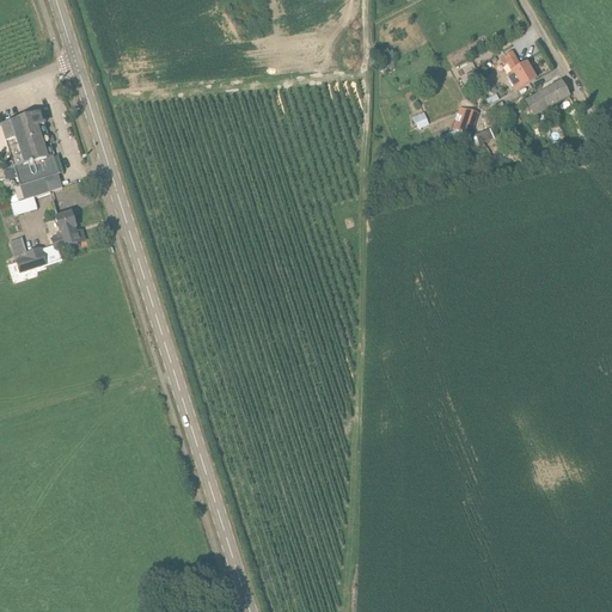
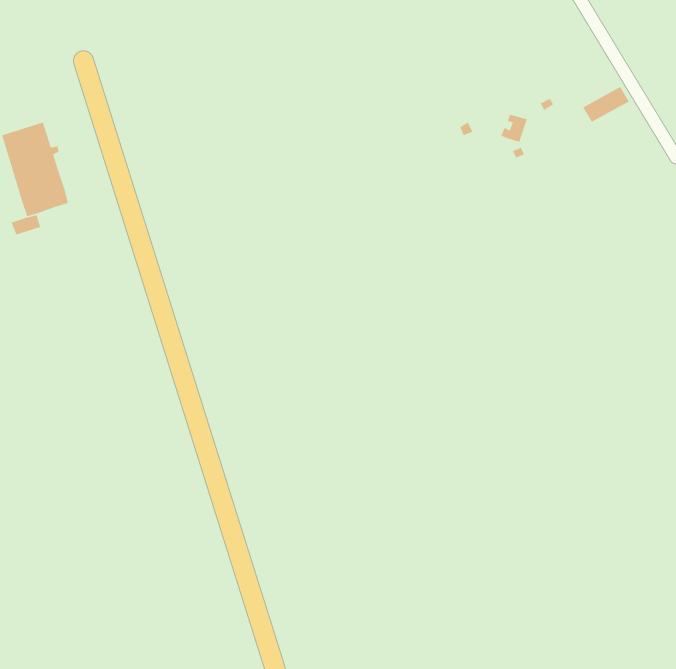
building: [500,48,536,86] -> none
building: [10,209,78,269] -> none

